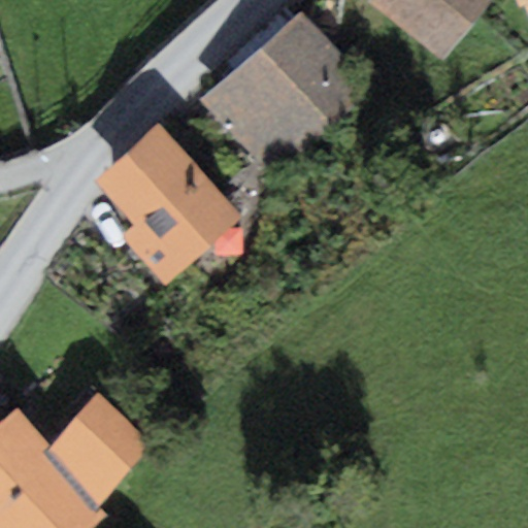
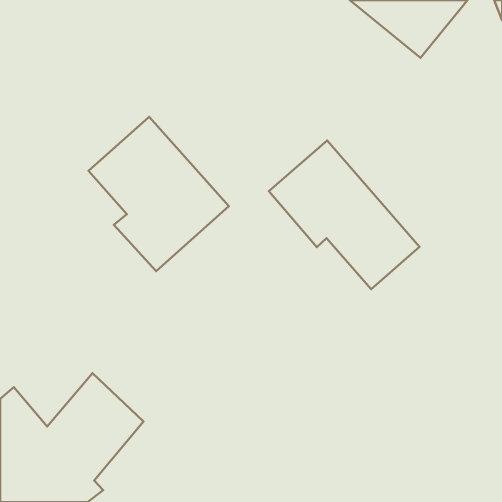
building: [199,9,371,177] -> none
building: none -> [269,141,420,289]

